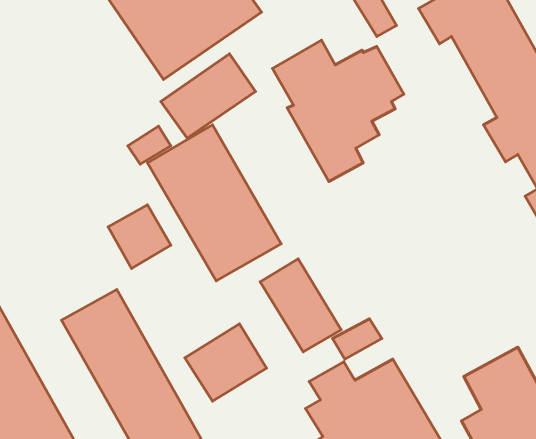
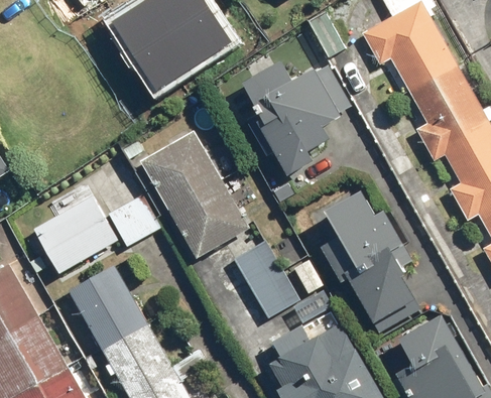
building: [161,54,255,138] -> none
building: none -> [33,184,116,272]
building: none -> [322,191,421,330]
building: [185,324,266,401] -> none

